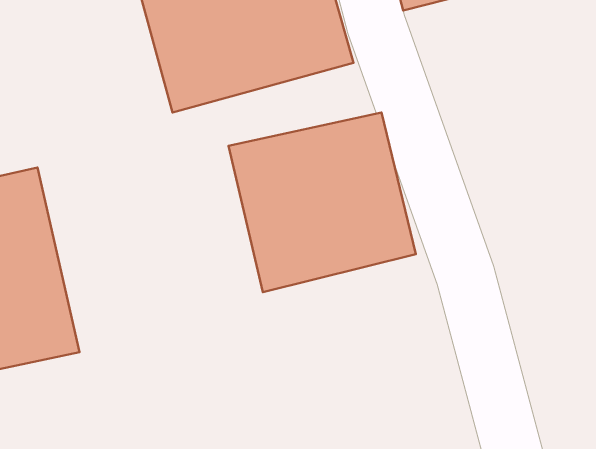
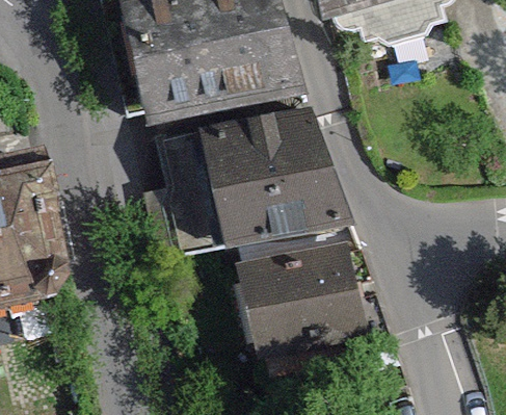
building: none -> [219,225,370,359]

